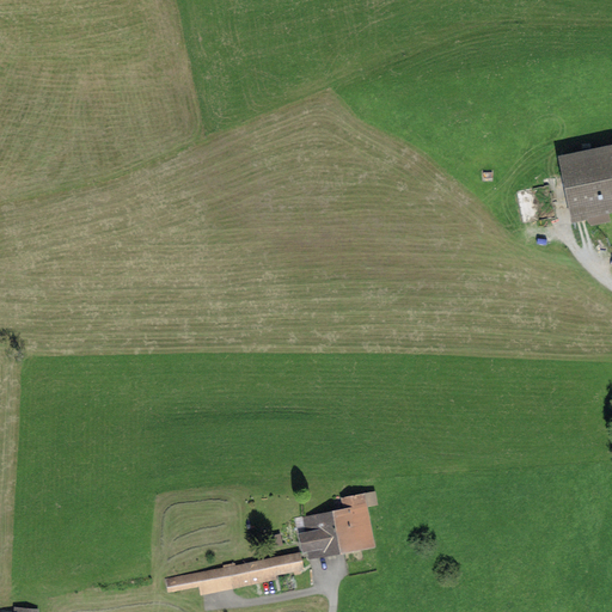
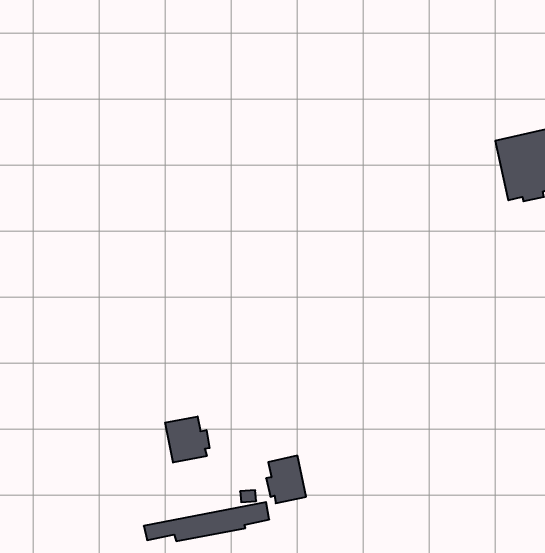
building: none -> [165,416,210,463]
building: [337,488,379,549] -> none

